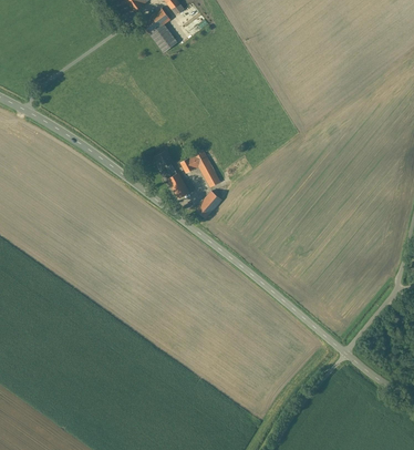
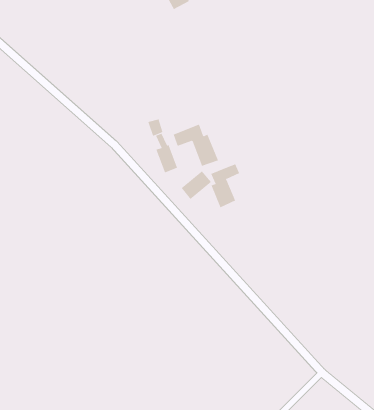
building: none -> [210,163,240,208]

